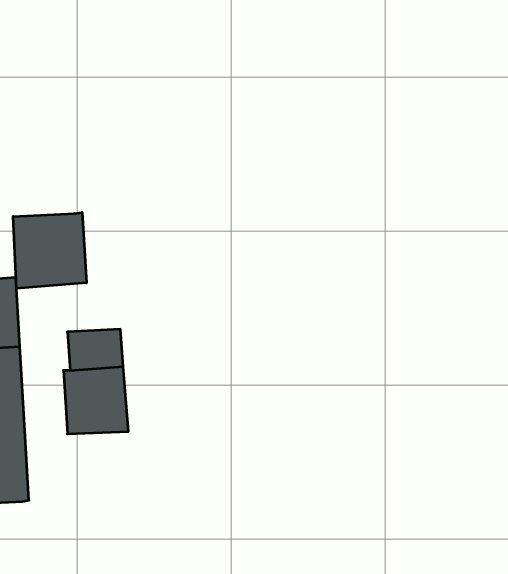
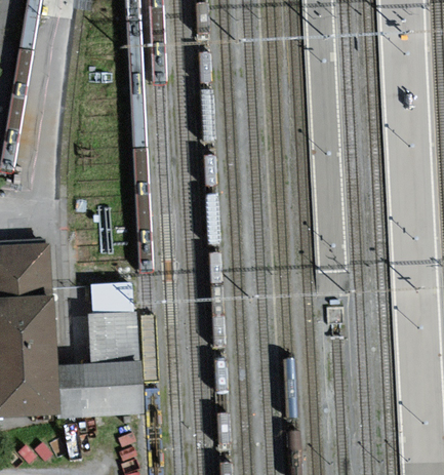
building: [13,212,86,289] -> none
building: none -> [56,360,142,418]

